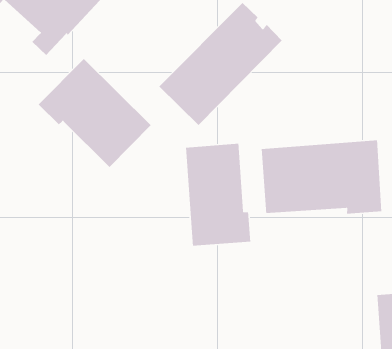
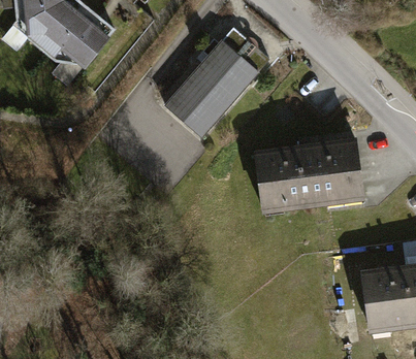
building: [38,58,151,168] -> none
building: [185,143,251,246] -> none

